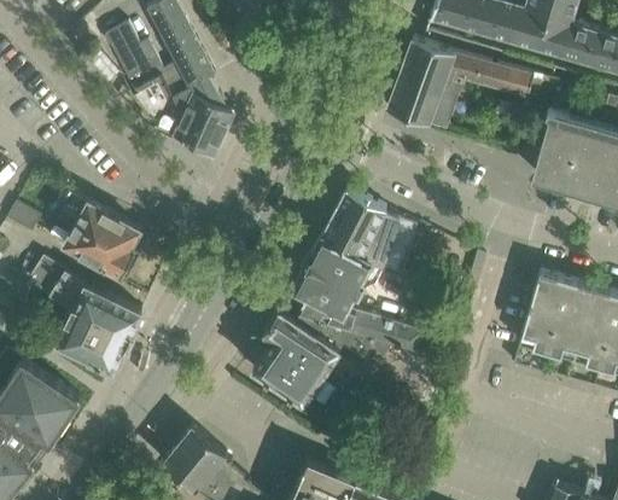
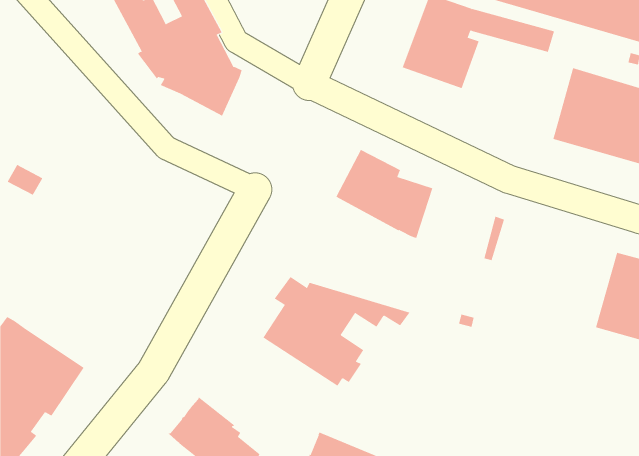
building: [62,192,141,279] -> none
building: [293,234,422,351] -> none
building: [30,258,142,370] -> none
building: [514,272,594,373] -> none

